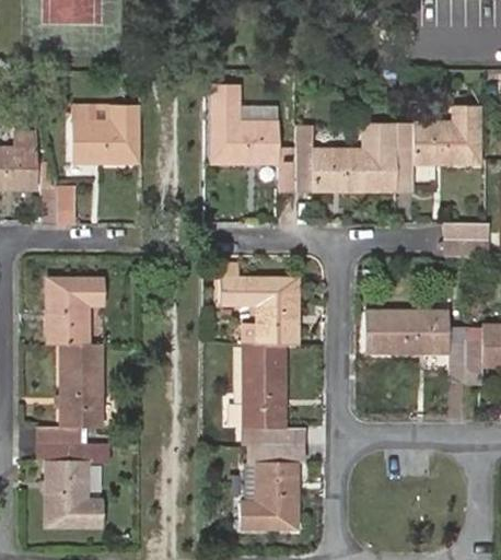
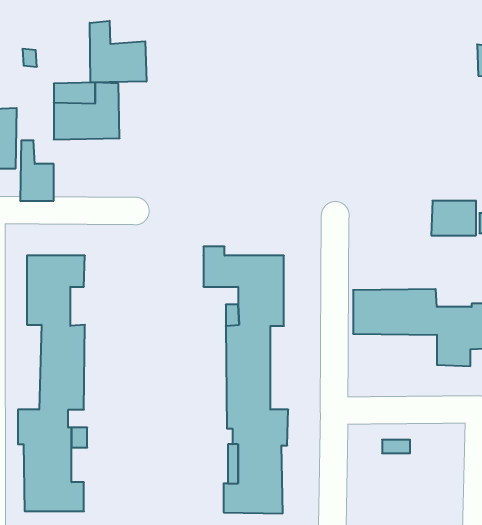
building: none -> [90,21,146,82]
building: [212,86,481,191] -> none

